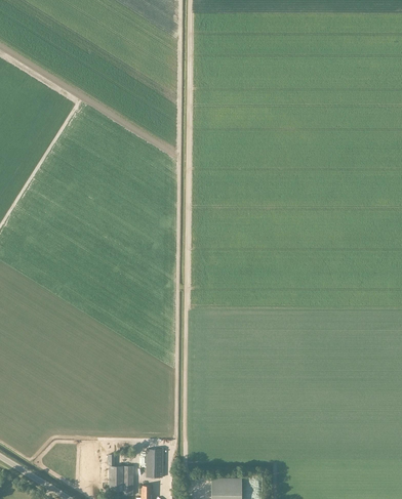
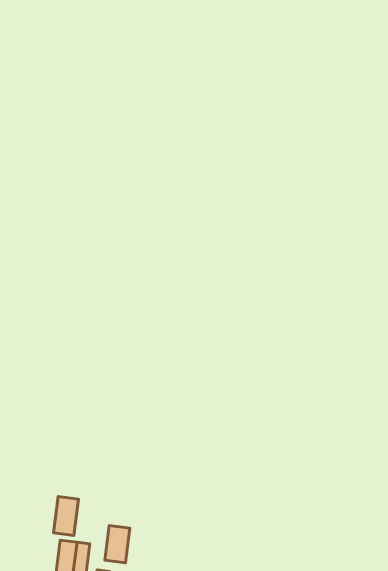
building: none -> [54,497,79,535]

